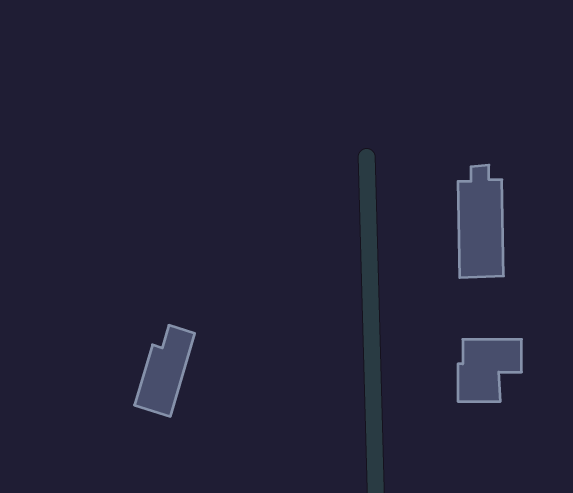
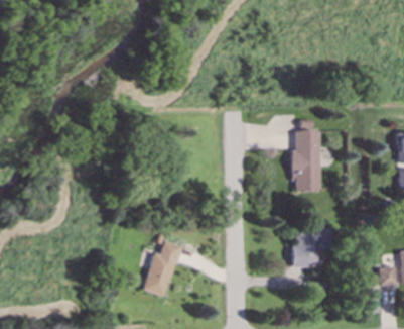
building: [134,325,195,416] -> [143,240,180,297]

